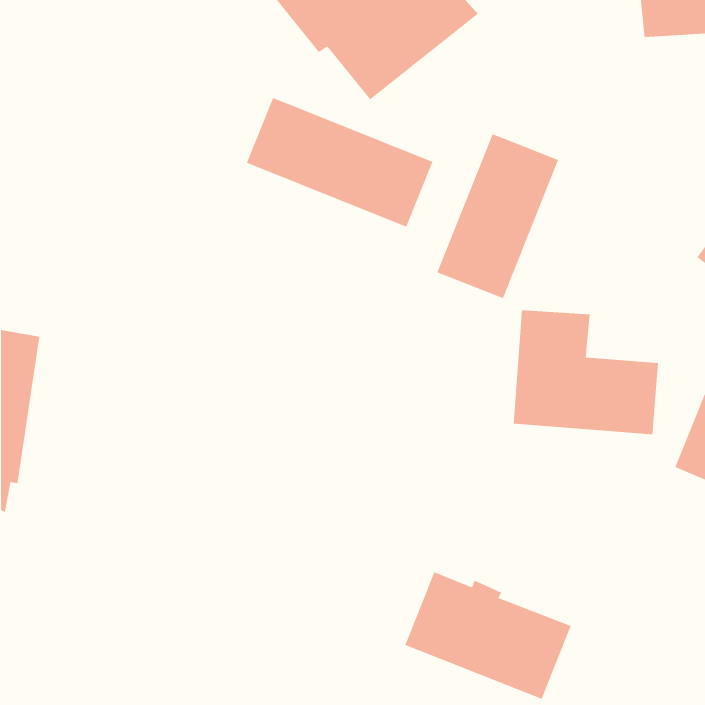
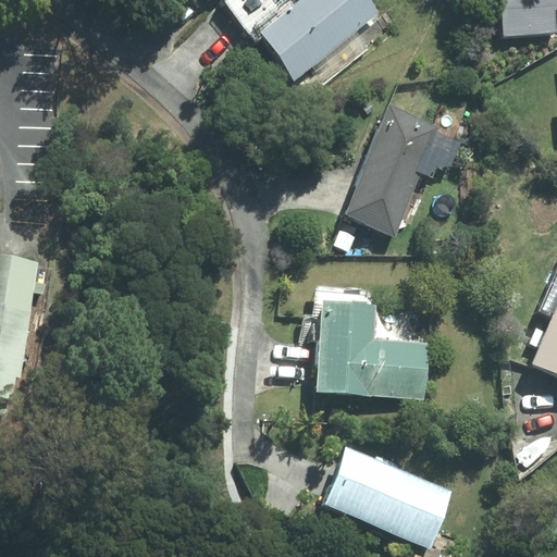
building: [246,97,433,227] -> none
building: [513,310,659,435] -> [315,301,430,399]

